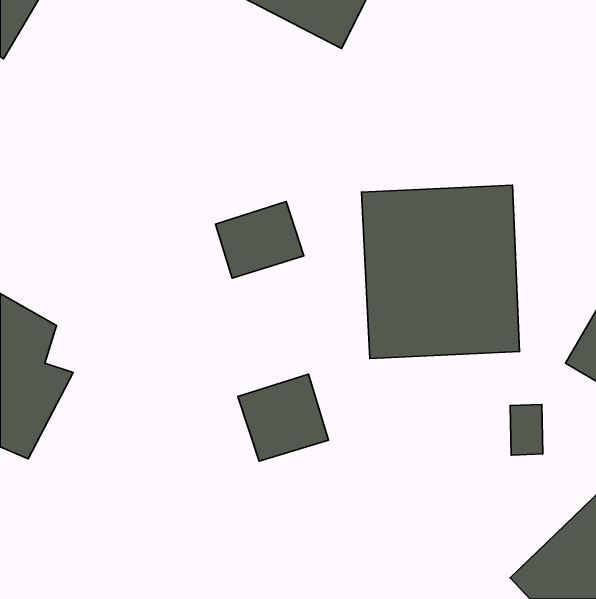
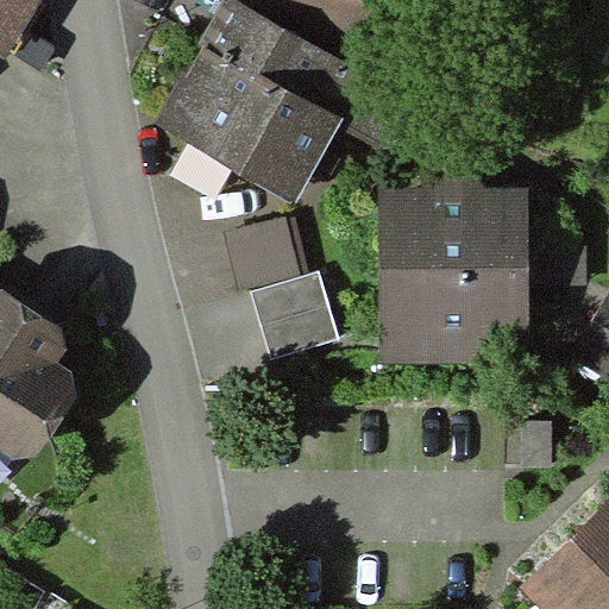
building: none -> [153,7,401,203]
building: [238,374,329,461] -> [250,262,341,350]

